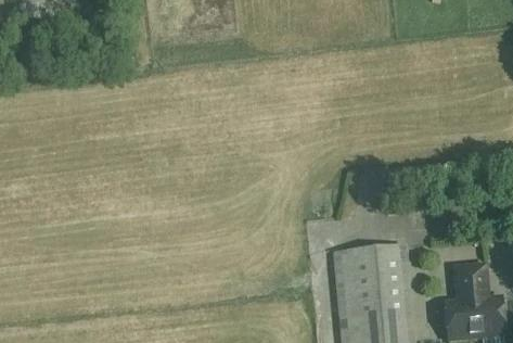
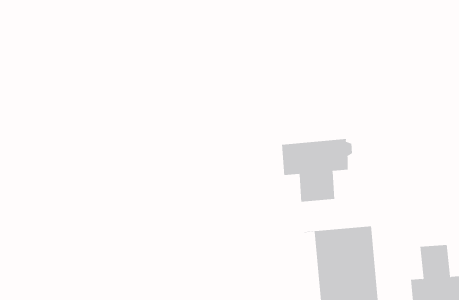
building: none -> [282,138,353,203]

